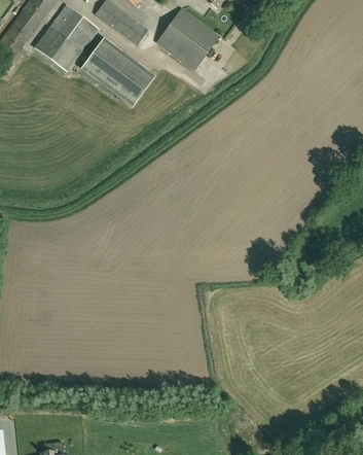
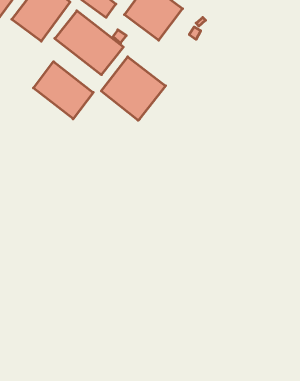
building: none -> [101,57,166,120]
building: none -> [33,62,93,119]

